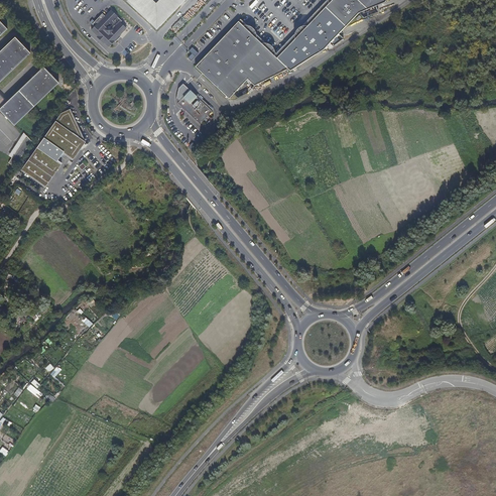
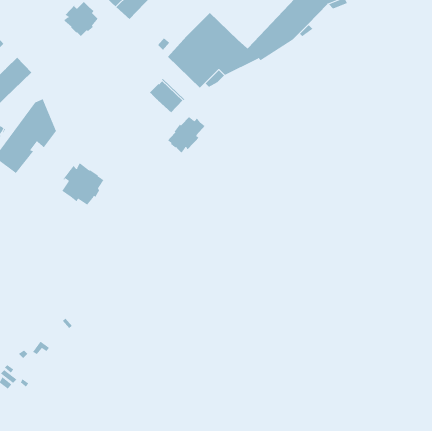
building: none -> [167,116,205,153]
building: none -> [61,163,104,205]

